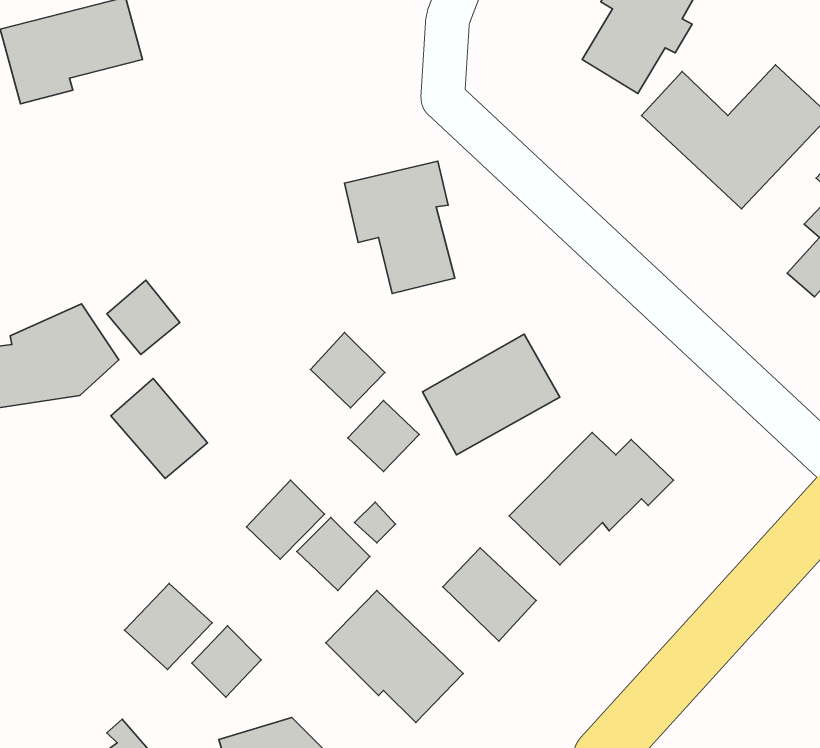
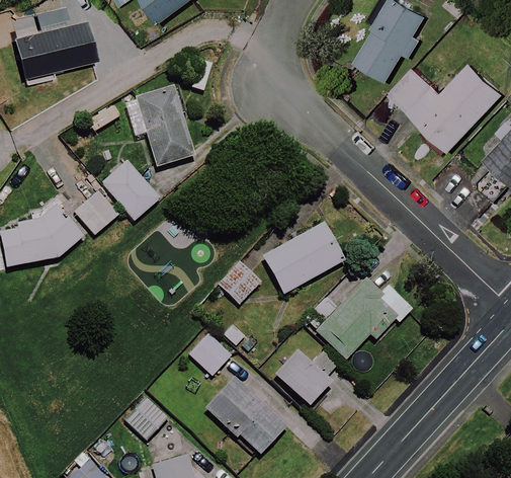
building: [345,161,455,293] -> [125,87,191,166]
building: [310,332,385,408] -> none
building: [111,378,208,478] -> [101,160,159,220]
building: [246,480,324,559] -> none
building: [125,584,212,669] -> none

